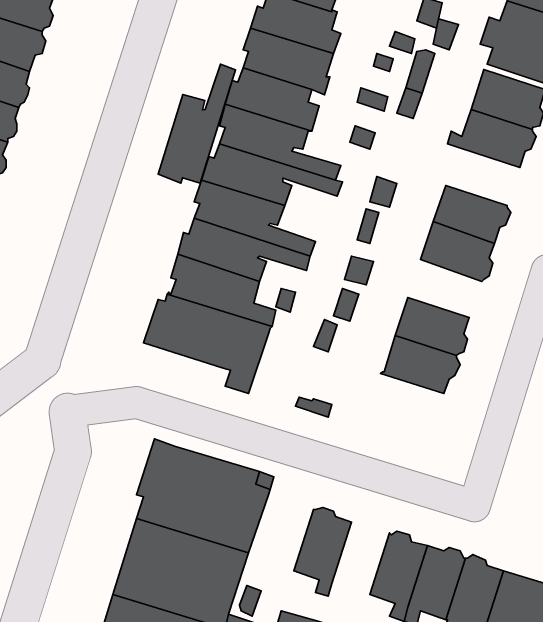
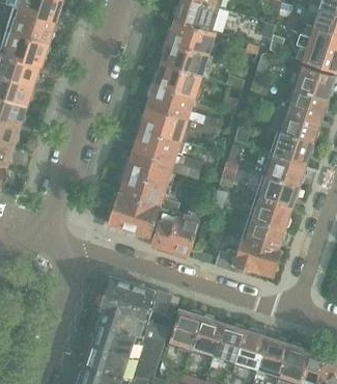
building: [158,64,236,183] -> none
building: none -> [277,109,319,142]
building: none -> [255,173,300,207]
building: none -> [164,213,199,257]
building: none -> [214,239,280,277]
building: none -> [168,309,201,352]
building: none -> [209,324,245,368]

